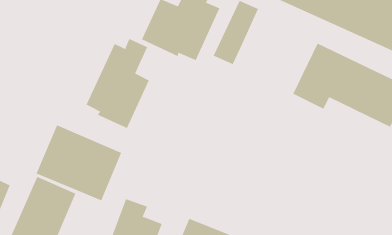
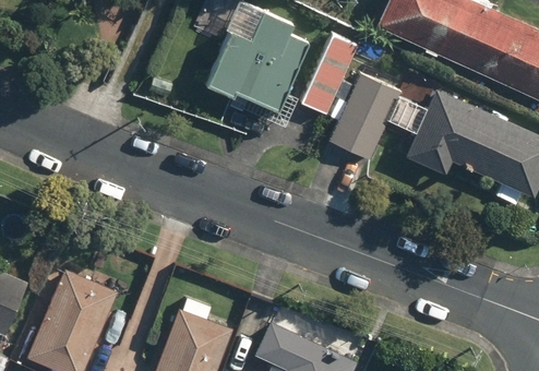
building: none -> [325,71,403,163]
building: [86,38,150,129] -> none
building: [36,125,122,201] -> none

